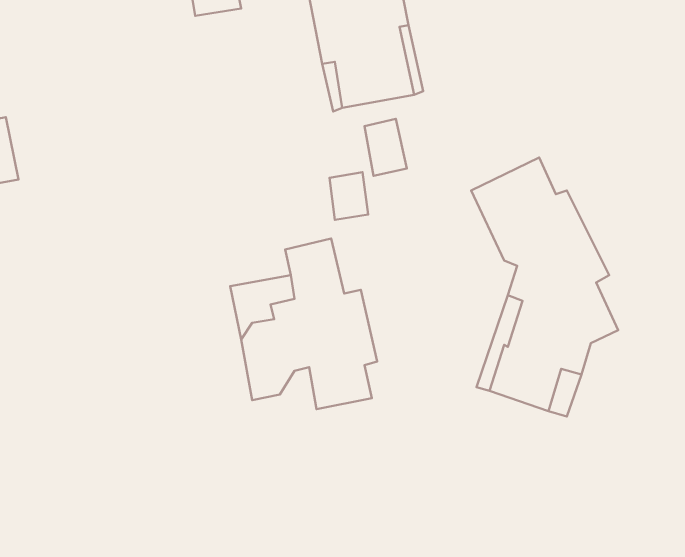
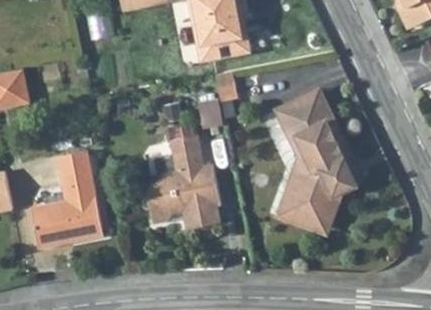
building: none -> [31,149,105,249]

